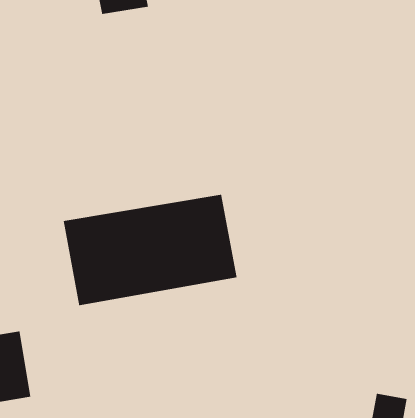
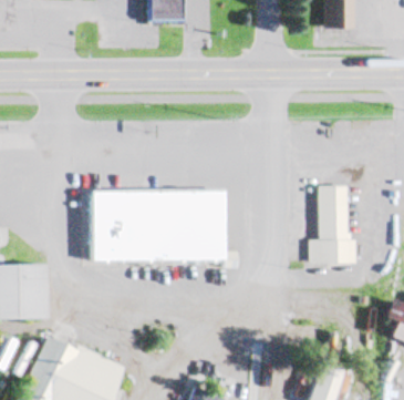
building: none -> [311,188,356,270]

